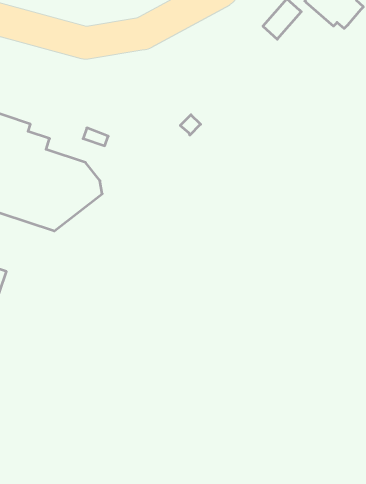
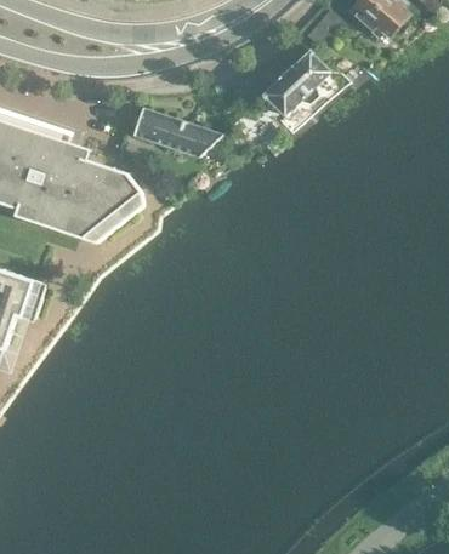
building: none -> [262,51,328,114]
building: none -> [131,109,218,156]

